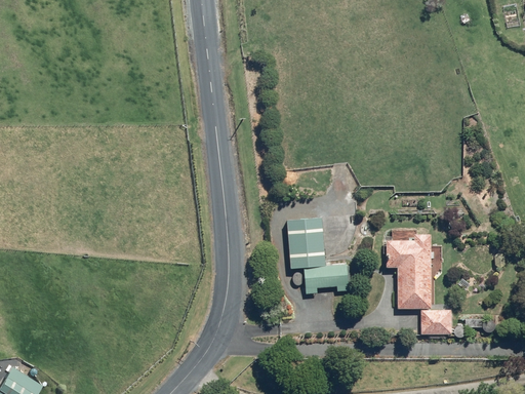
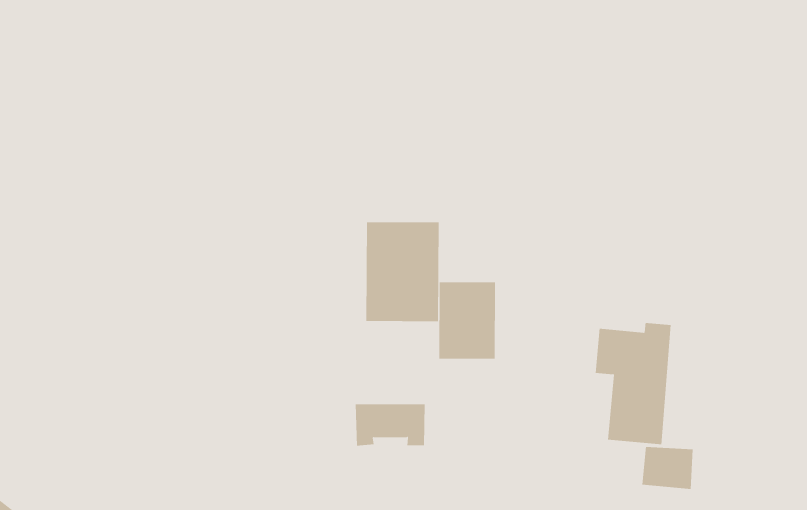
building: none -> [366,221,439,322]
building: [304,264,349,293] -> [355,404,425,446]

